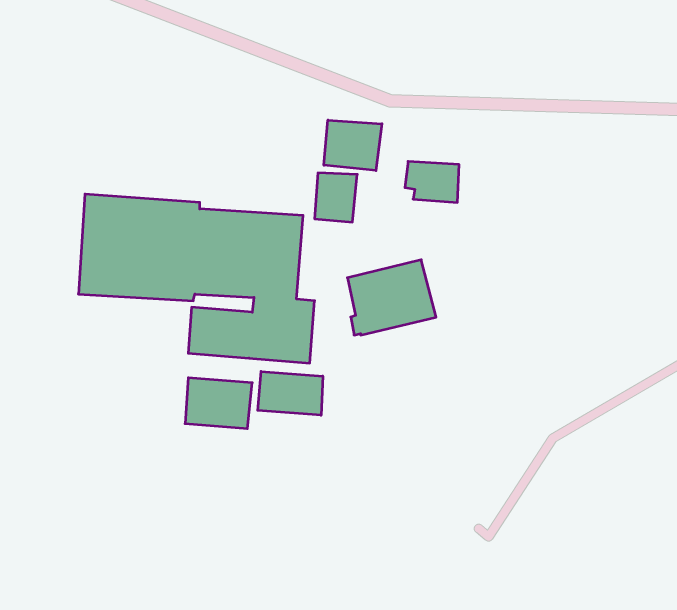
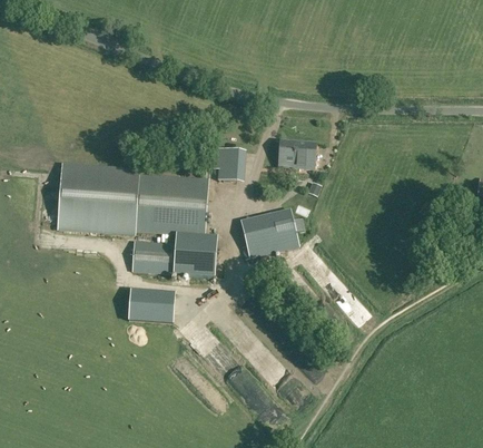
building: [324,120,382,171] -> none
building: [258,371,323,415] -> none

